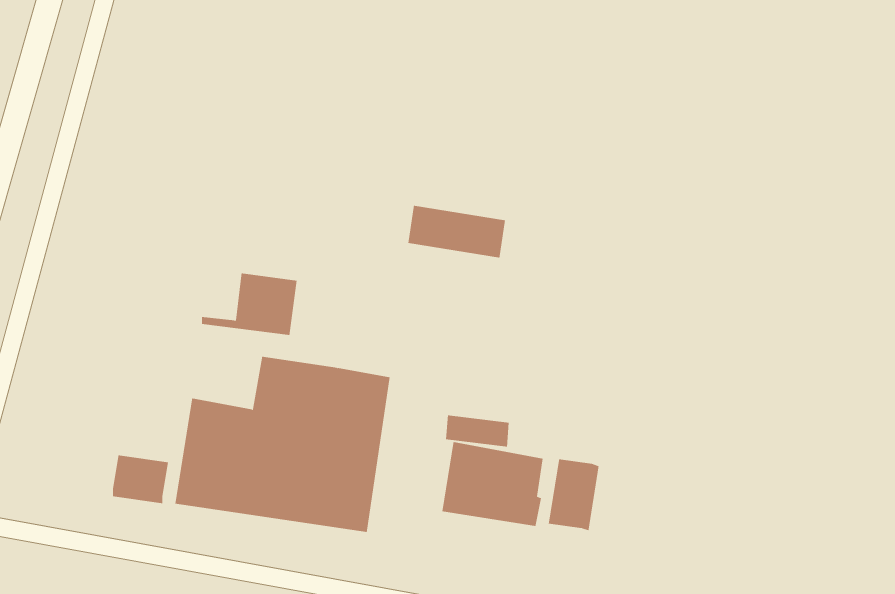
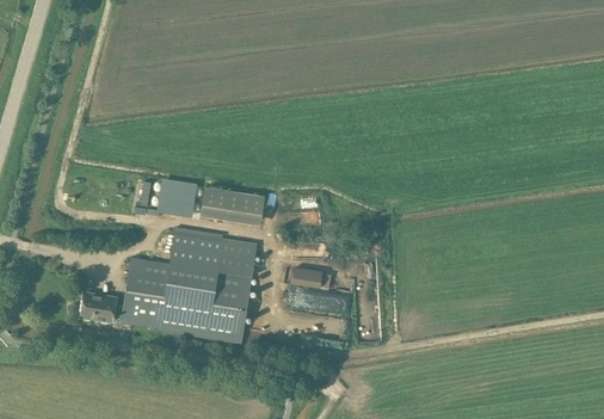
building: [408,205,506,258] -> [201,185,263,218]
building: [548,459,599,531] -> none

